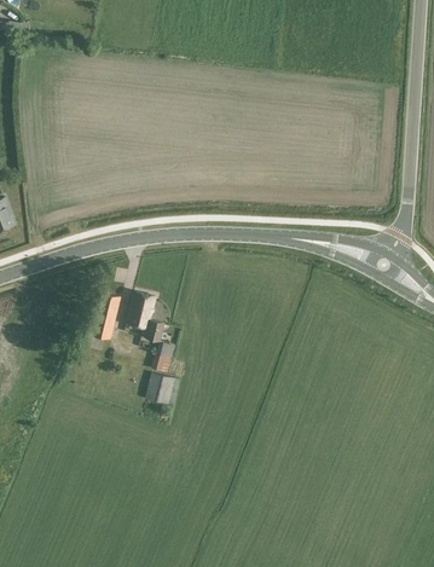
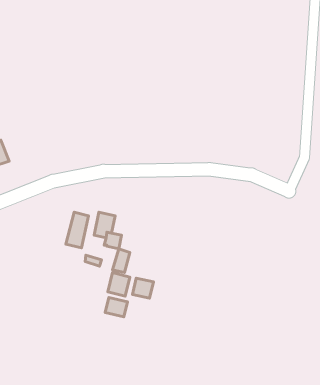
building: none -> [132,278,153,298]
building: none -> [105,298,127,317]

